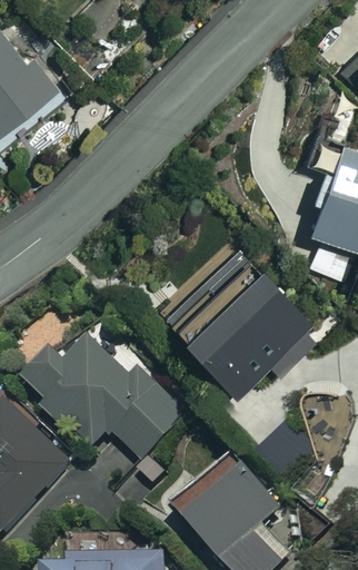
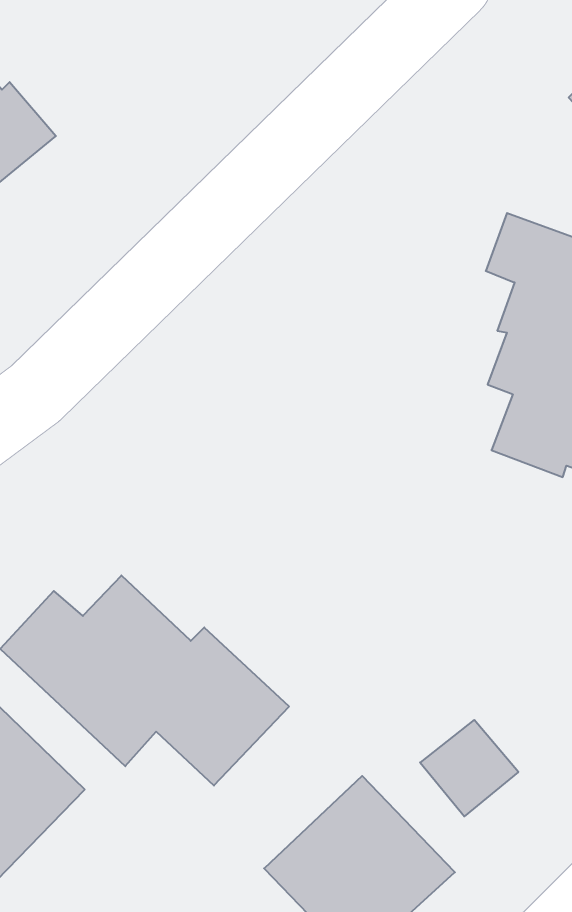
building: [179,267,308,396] -> none

